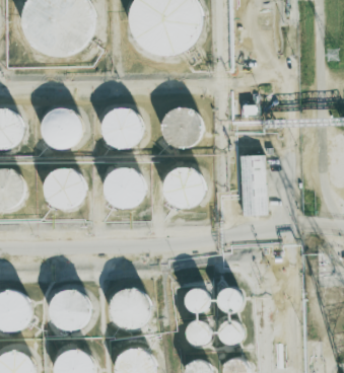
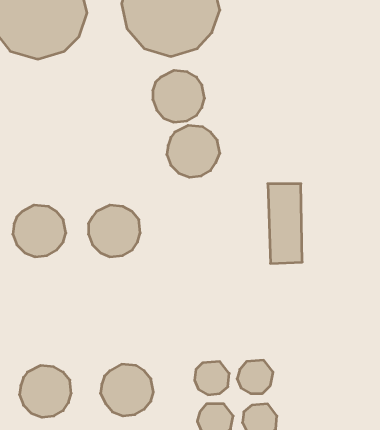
building: [43,107,82,147] -> none
building: [104,108,143,148] -> [153,70,205,122]
building: [167,168,207,208] -> none

